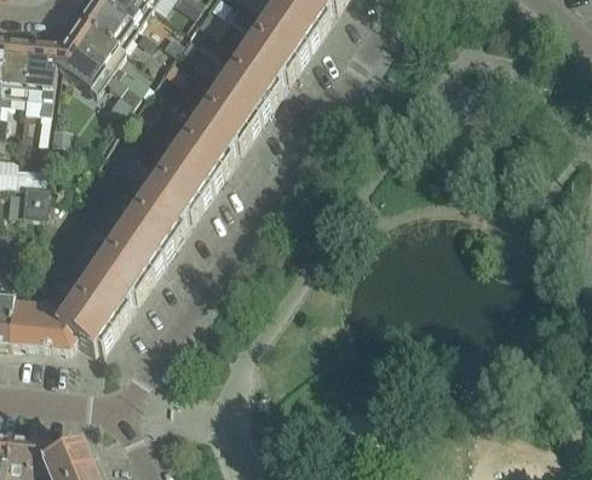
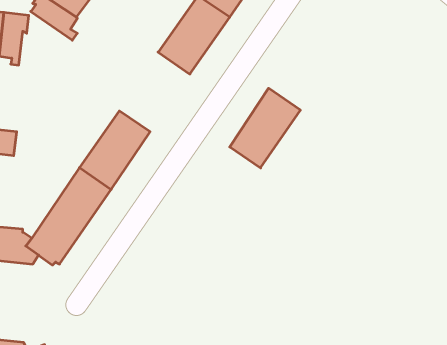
building: [53,35,117,86] -> none
building: [166,85,252,182] -> [230,88,300,168]

